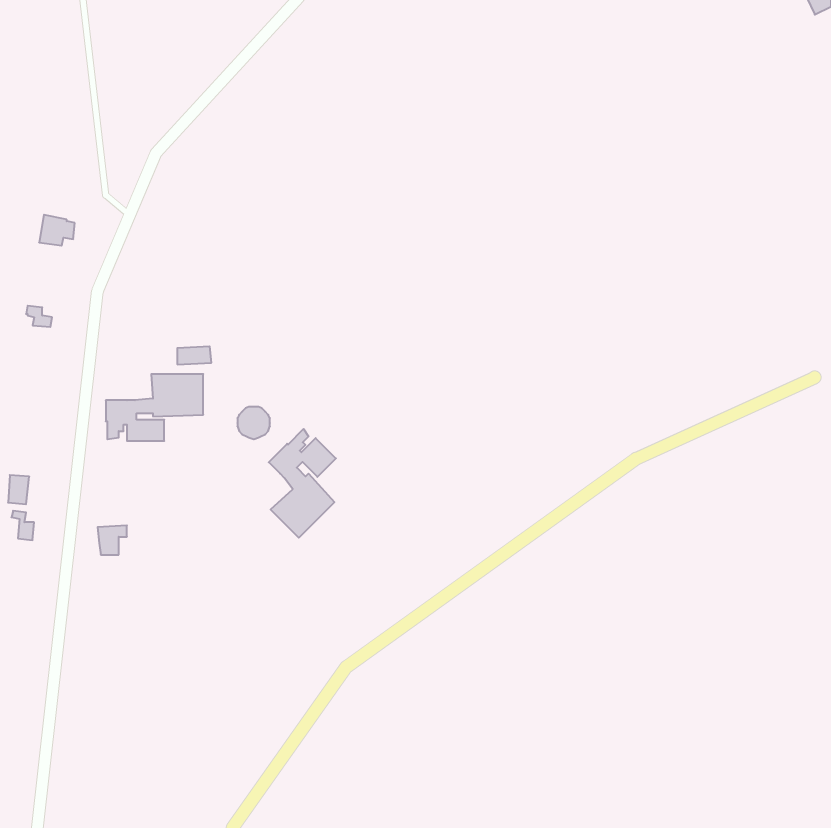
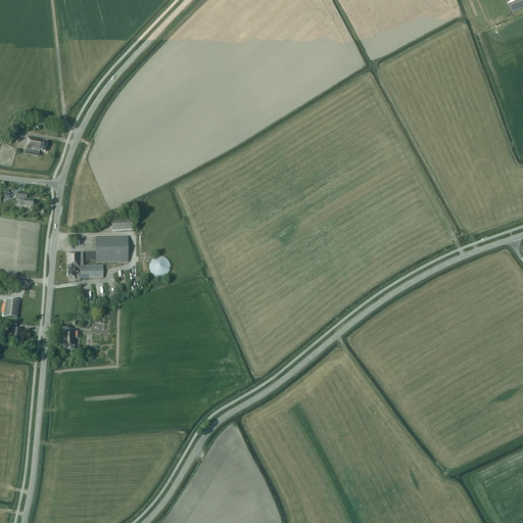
building: [269,429,336,538] -> none

